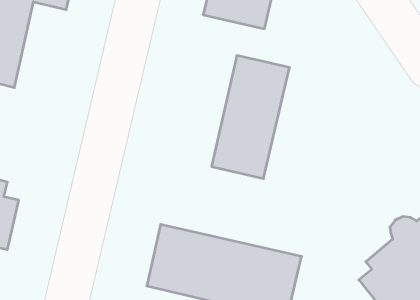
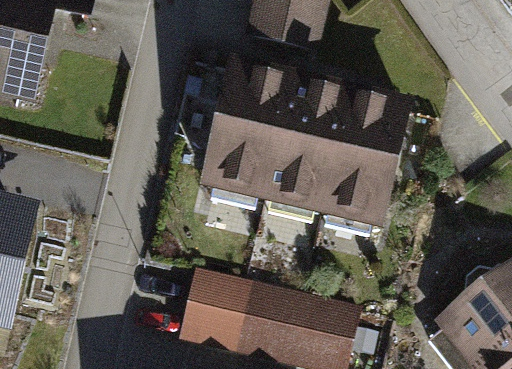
building: none -> [198,61,288,203]
building: none -> [319,89,409,230]

